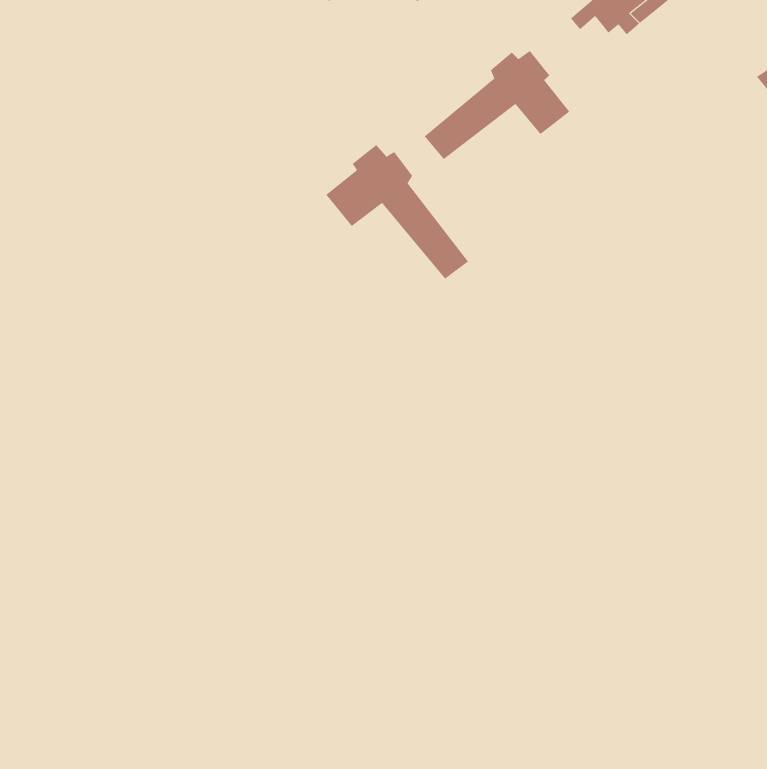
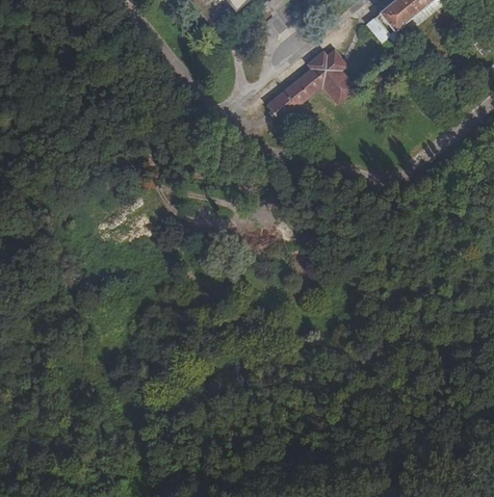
building: [326,144,469,280] -> none

